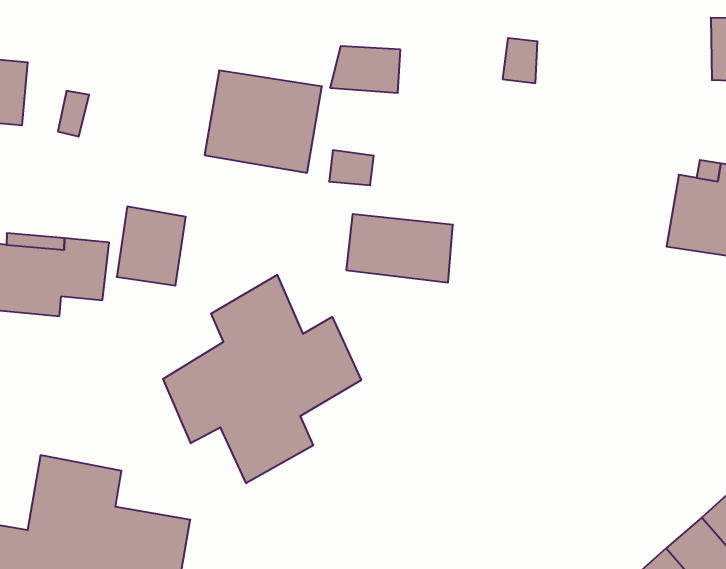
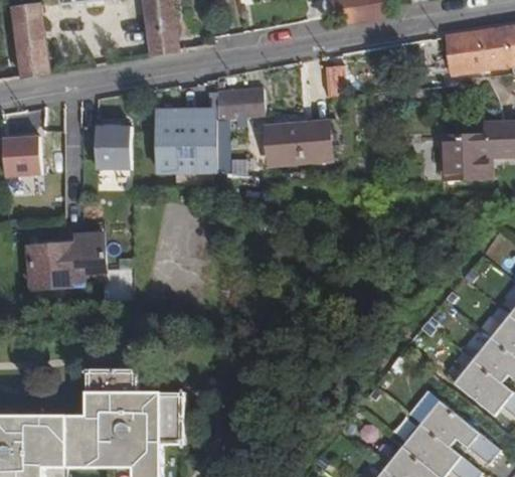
building: [117,207,186,285] -> [95,126,132,169]
building: [346,214,453,283] -> [267,123,331,161]
building: [163,275,361,483] -> none

